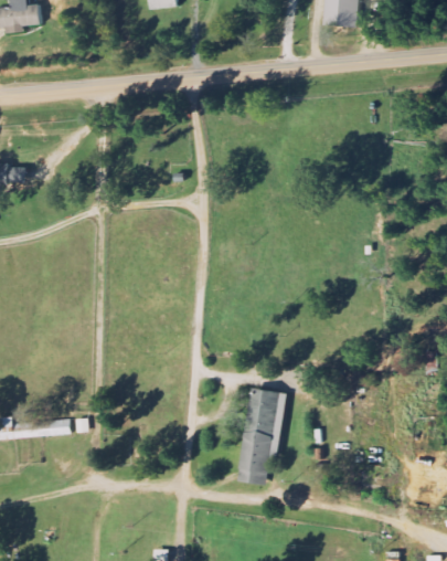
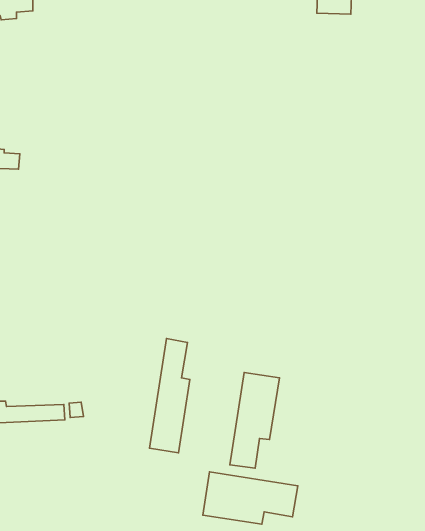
building: none -> [149,339,190,453]
building: none -> [203,472,298,524]

